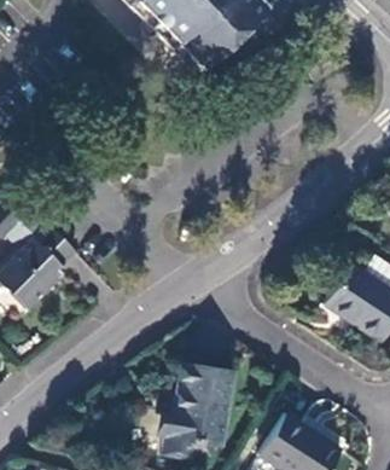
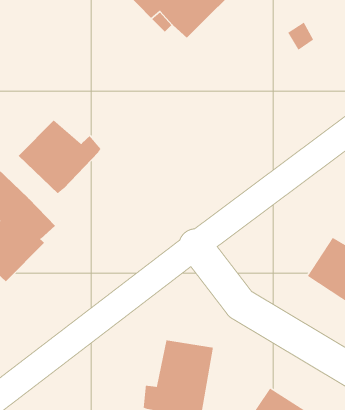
building: none -> [18,119,102,194]

